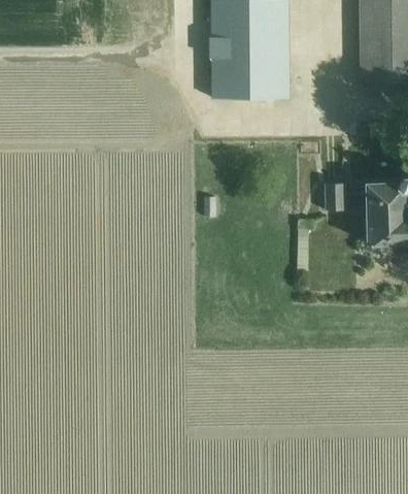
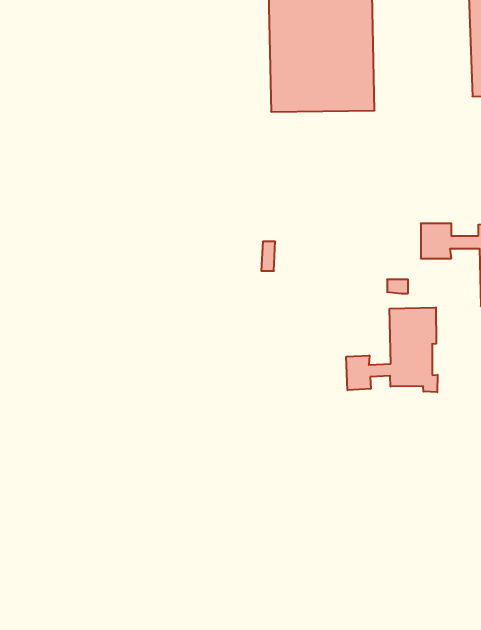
building: none -> [346,307,438,392]

